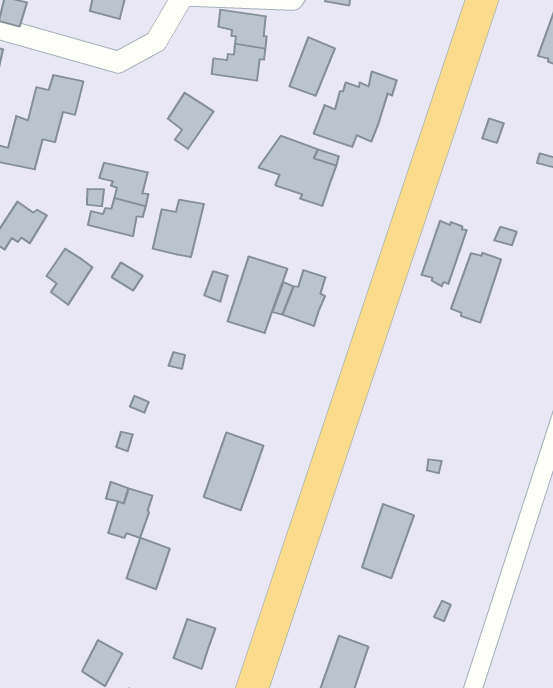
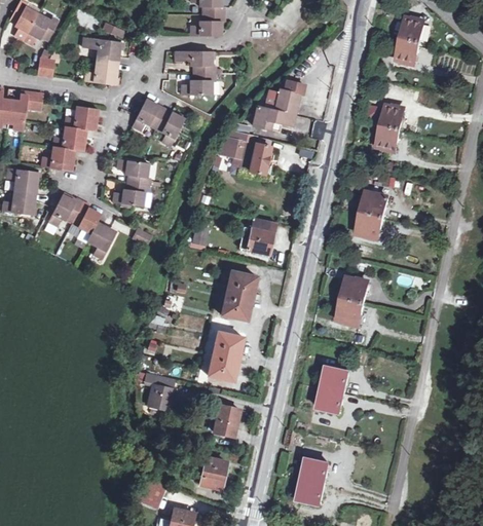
building: none -> [84,62,117,85]
building: [289,37,335,96] -> none
building: none -> [132,99,165,130]
building: [153,200,204,257] -> none
building: none -> [74,200,101,240]
building: [421,221,467,286] -> [377,108,404,151]
building: [227,257,287,333] -> [221,271,257,321]
building: none -> [338,279,368,325]
building: [126,538,170,589] -> [213,404,239,437]

